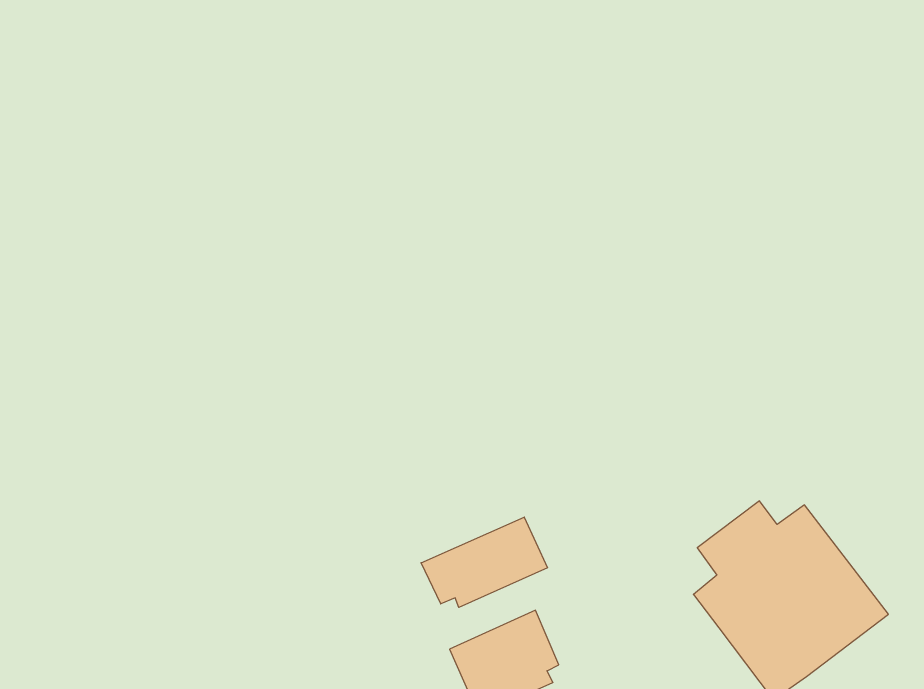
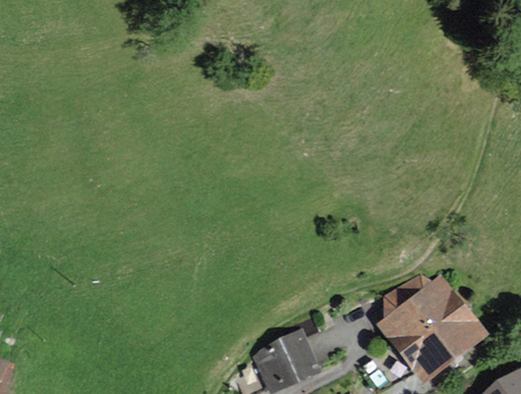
building: [421,517,547,607] -> none

